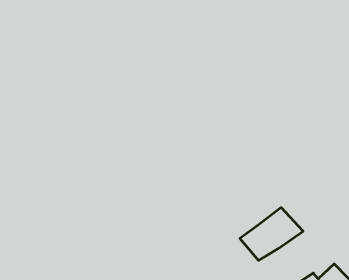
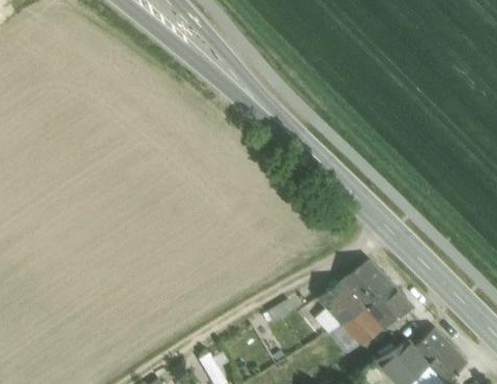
building: none -> [341,290,414,346]

